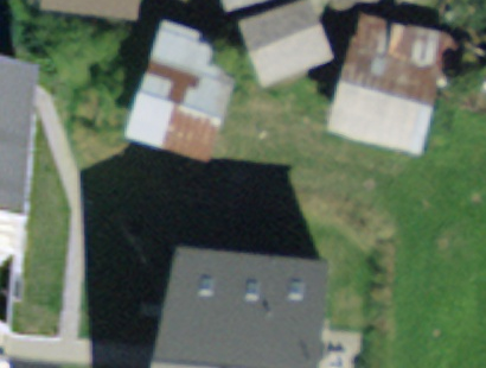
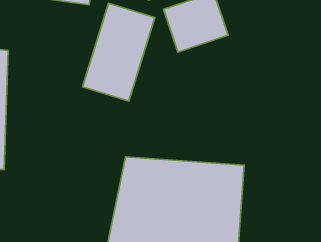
building: [326,43,440,153] -> none

